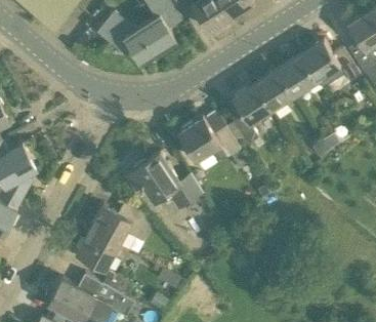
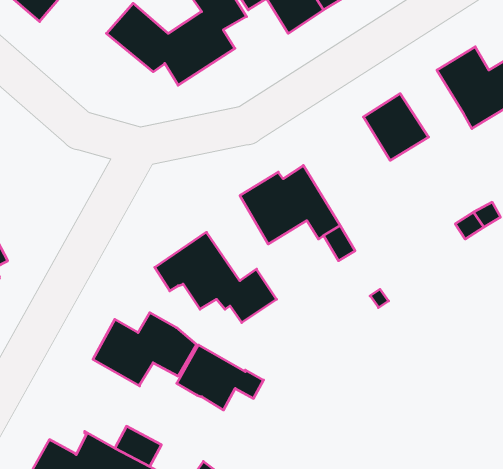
building: [277,54,316,95] -> none
building: [232,83,270,145] -> none
building: [75,232,128,272] -> [177,345,264,410]

